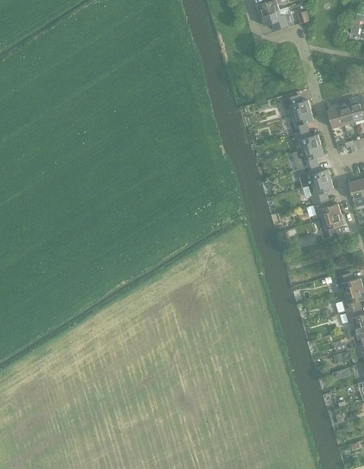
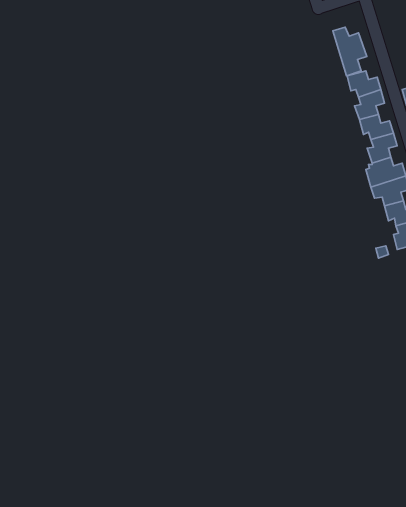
building: none -> [333,27,367,76]

